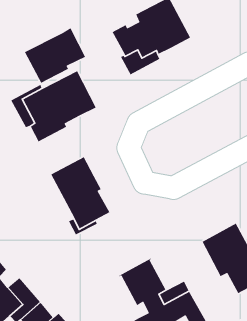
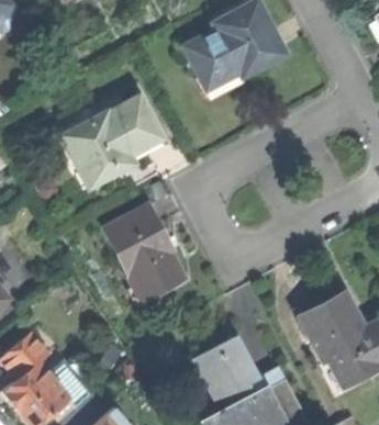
building: [24,27,86,84] -> none

